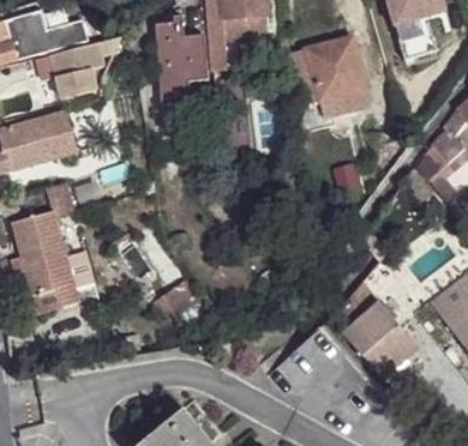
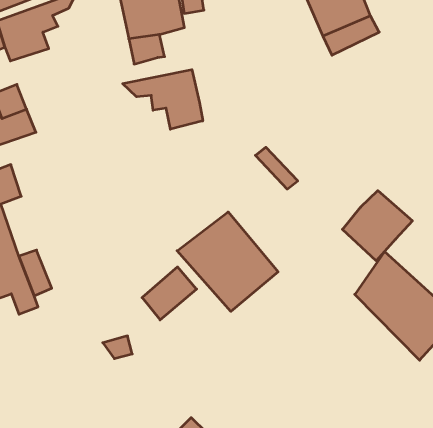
building: none -> [123,70,203,129]
building: none -> [342,191,412,261]
building: none -> [177,212,278,311]

